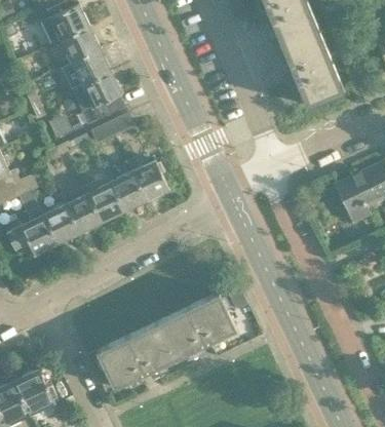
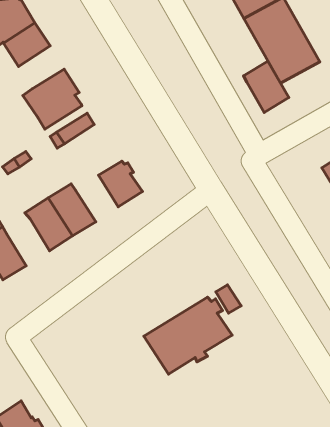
building: [70,49,111,86] -> none
building: none -> [244,61,289,112]
building: [109,171,146,214] -> none
building: [42,204,79,246] -> none
building: [93,322,175,389] -> none

